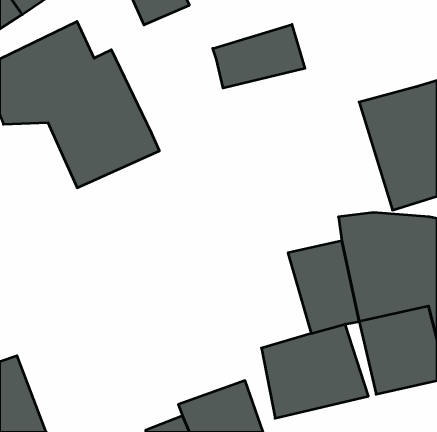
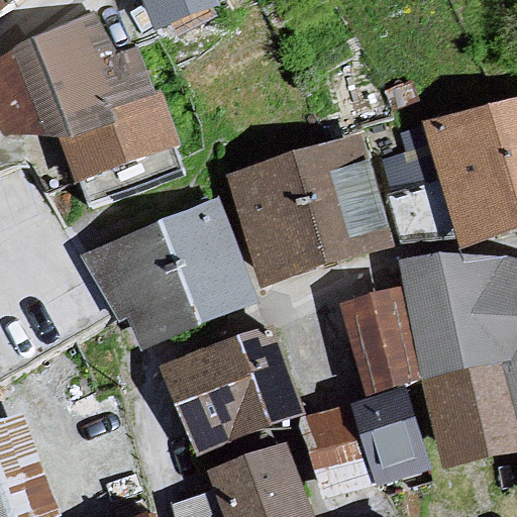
building: [213,24,305,88] -> none
building: none -> [226,129,396,286]
building: none -> [87,203,263,368]
building: none -> [162,319,308,450]

